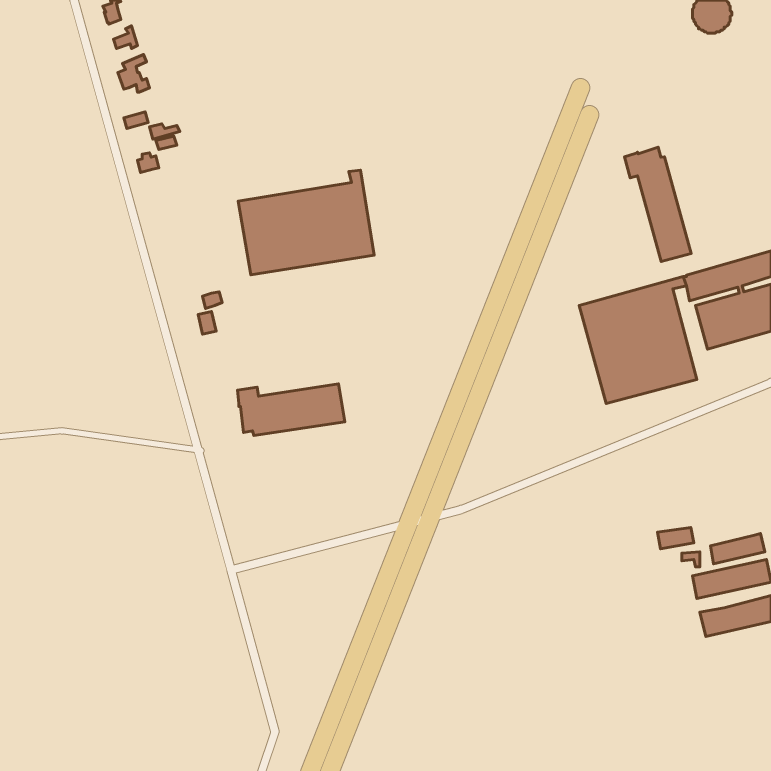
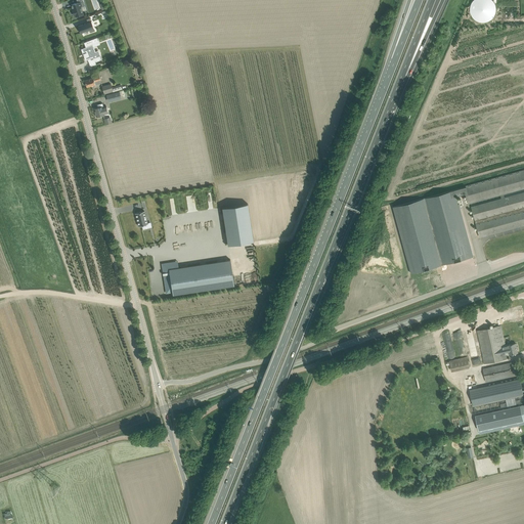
building: [625,147,691,261] -> none
building: [238,170,374,275] -> none
building: none -> [221,205,252,246]
building: none -> [476,326,517,364]

